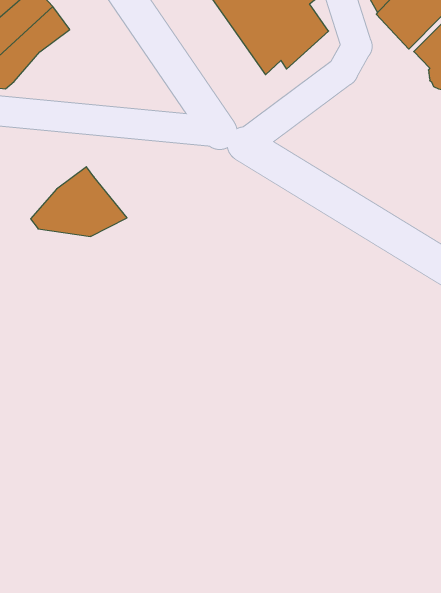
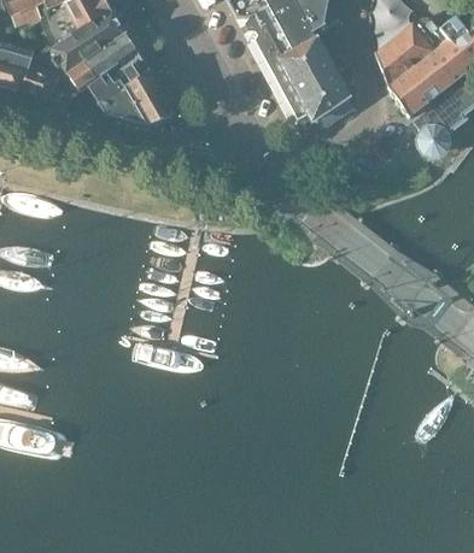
building: [31,167,127,236] -> [100,69,175,123]

